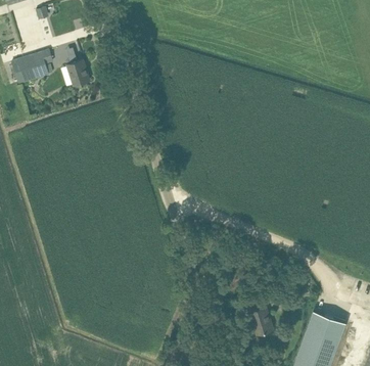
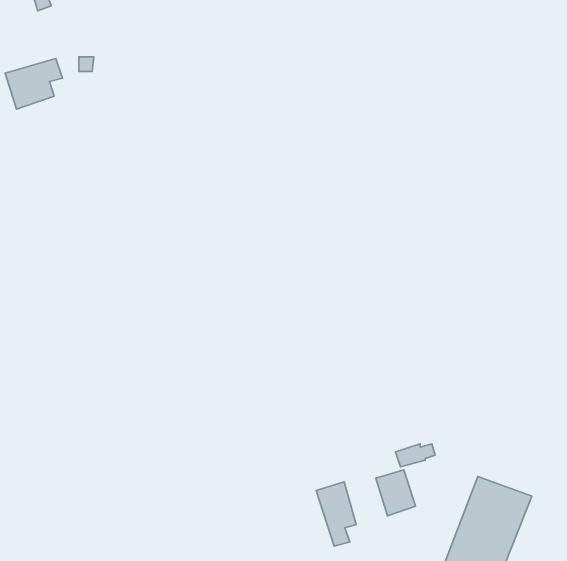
building: [65,59,89,85] -> none
building: none -> [316,482,356,546]

